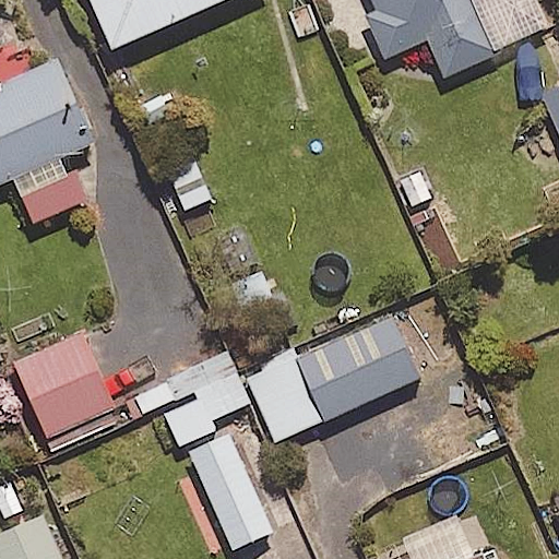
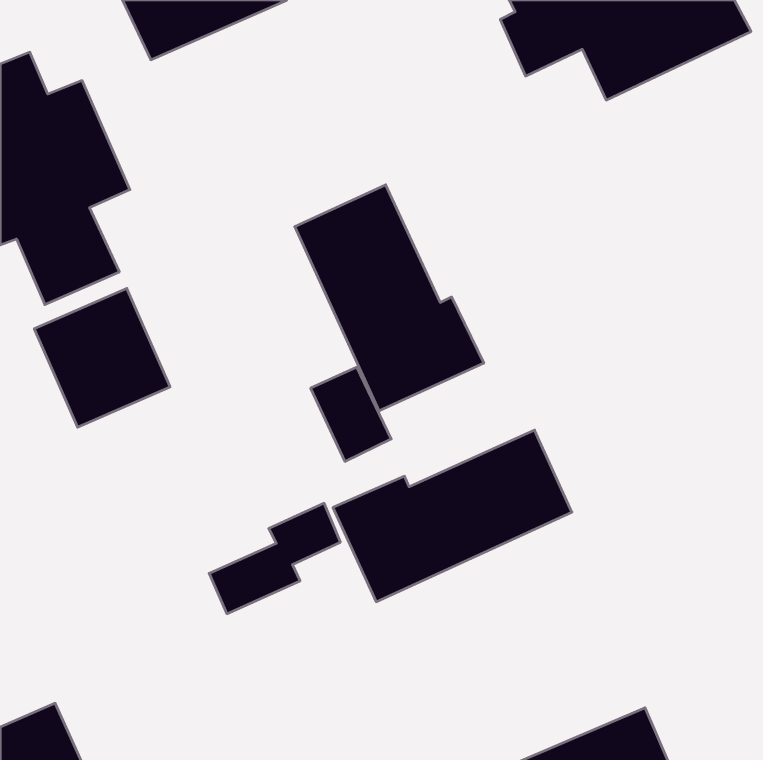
building: none -> [295,185,484,411]
building: [14,334,114,436] -> [34,288,170,427]
building: [186,430,272,551] -> none

